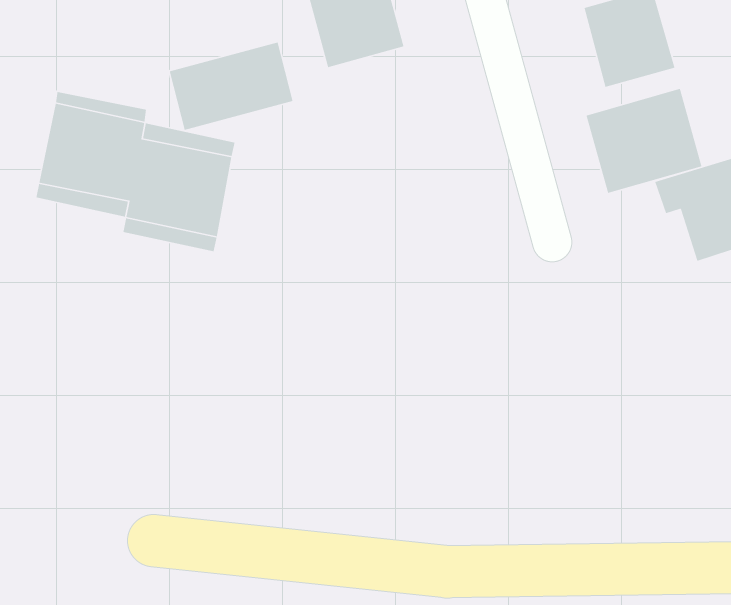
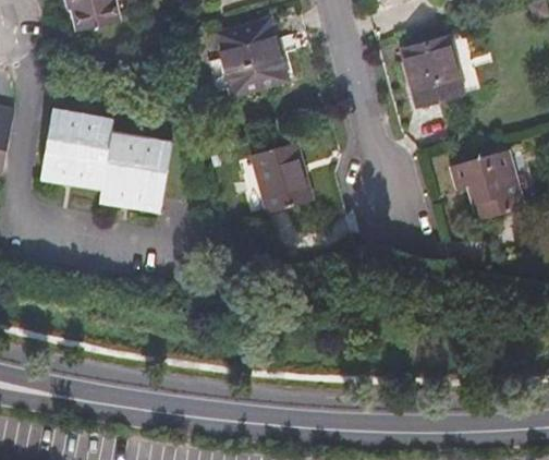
building: [169,42,293,131] -> none
building: [586,88,703,194] -> none
building: none -> [251,144,308,213]

